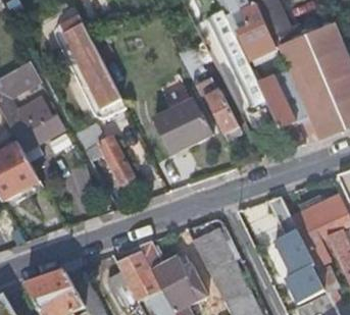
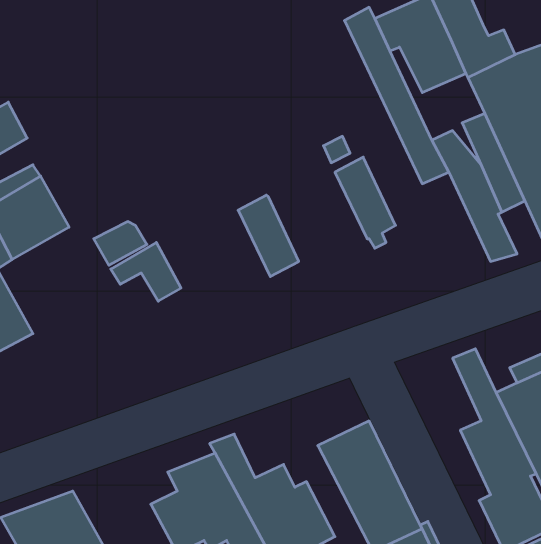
building: [57,18,128,121] -> none
building: [170,101,212,147] -> none

